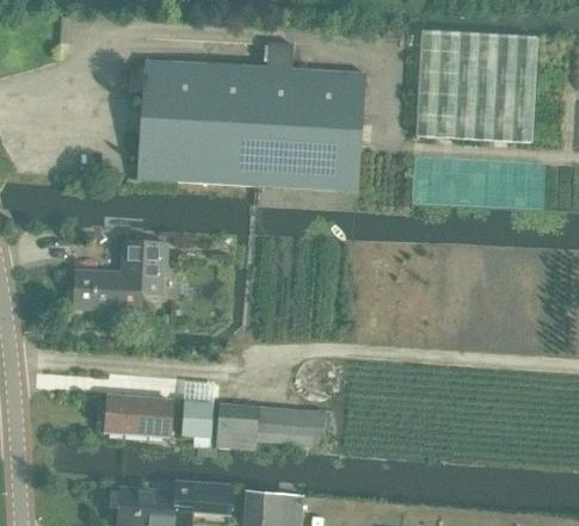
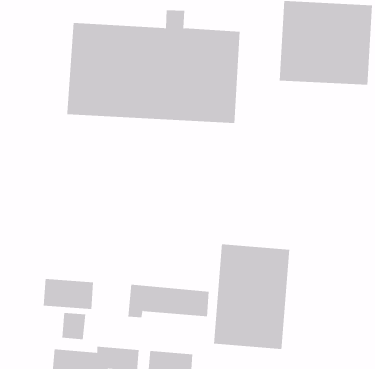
building: [74,239,170,311] -> none
building: none -> [213,243,290,350]
building: [181,401,214,437] -> [62,312,86,340]

